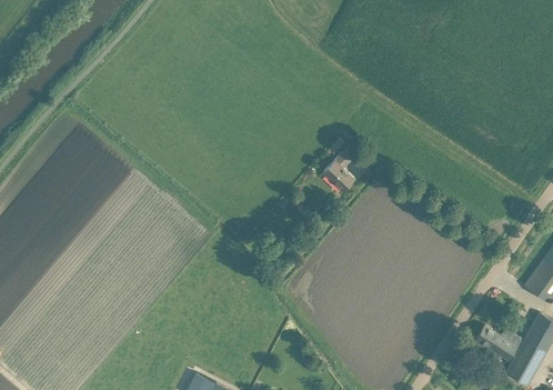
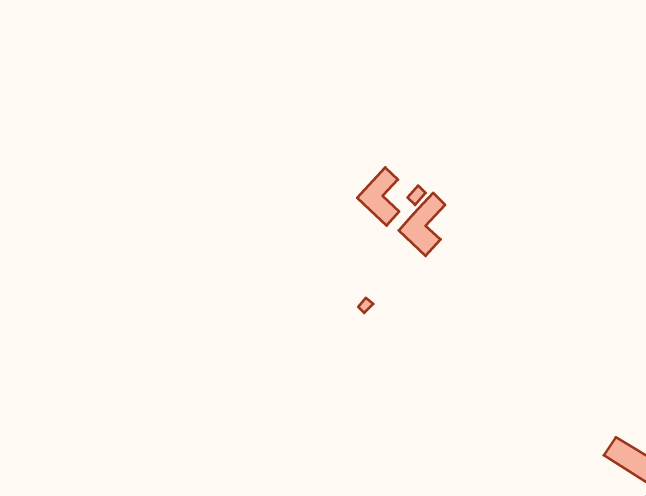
building: none -> [357,167,399,226]

